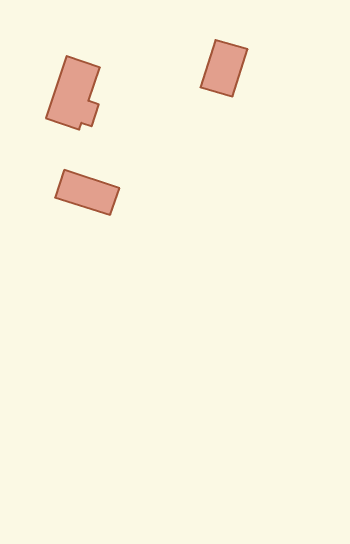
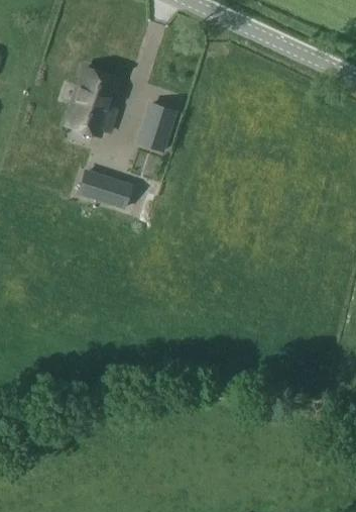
building: [200,40,248,96] -> [135,102,176,151]

